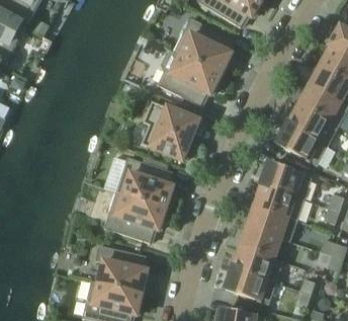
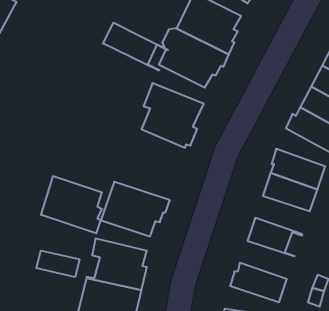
building: none -> [103,23,168,71]
building: [116,156,173,209] -> [41,176,102,233]
building: [247,205,297,240] -> none
building: [233,246,283,282] -> none
building: none -> [37,251,80,277]

